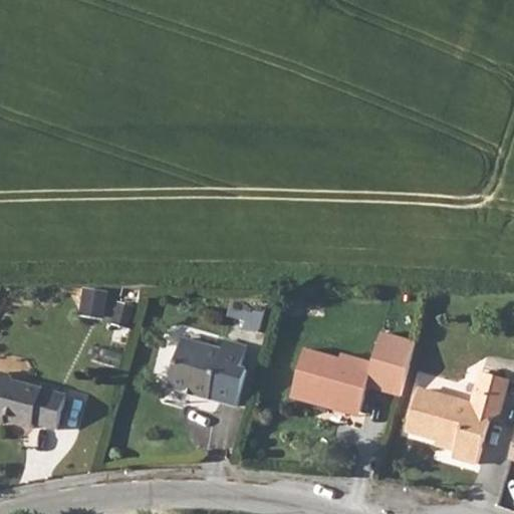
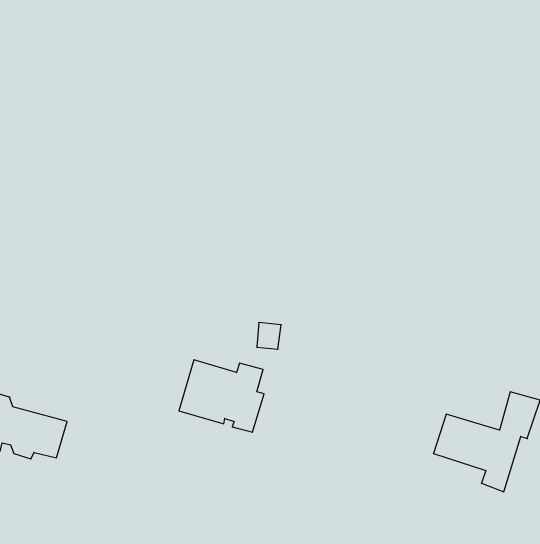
building: [78,287,107,318] -> none
building: [286,328,415,409] -> none

